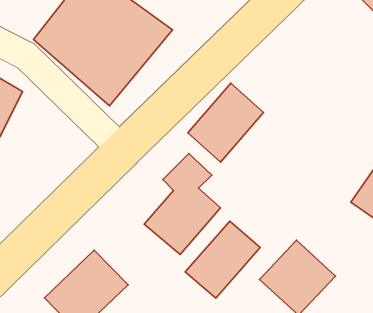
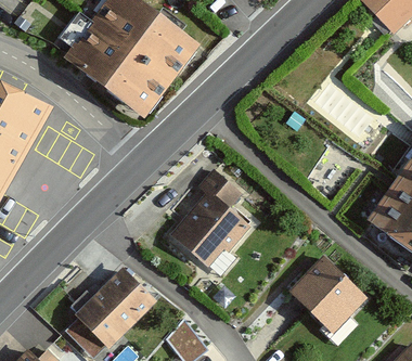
building: [188,83,263,162] -> none
building: [185,221,260,298] -> none

